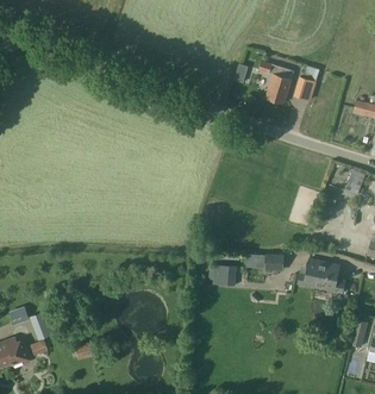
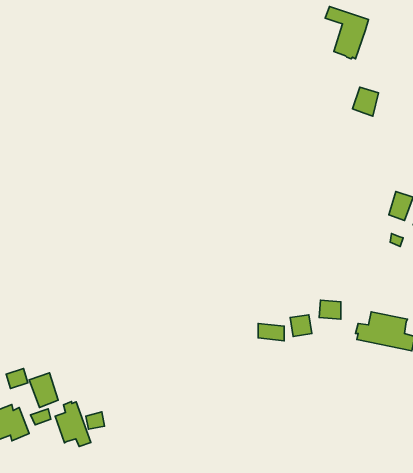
building: [258,60,294,102] -> [325,7,369,59]
building: none -> [55,401,91,446]

